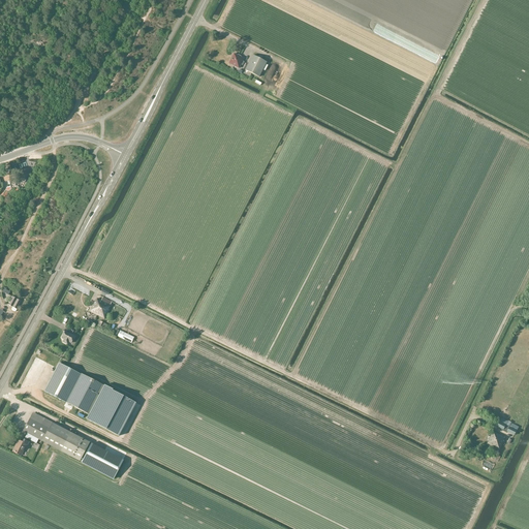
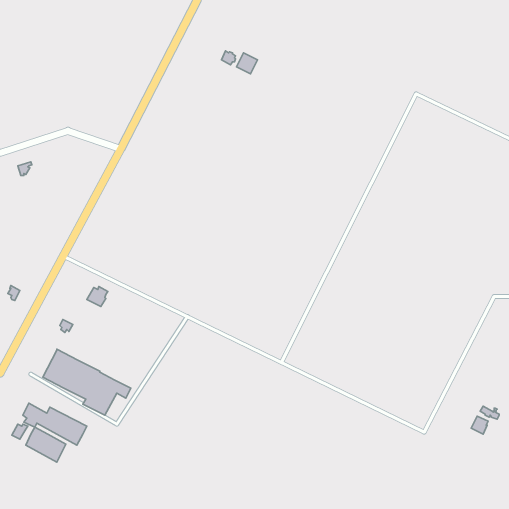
building: [83,442,124,478] -> [26,427,66,462]

